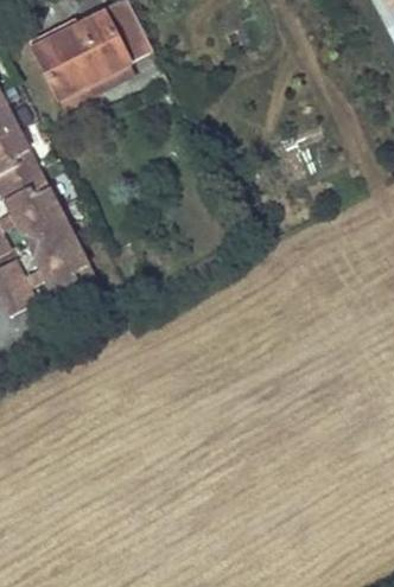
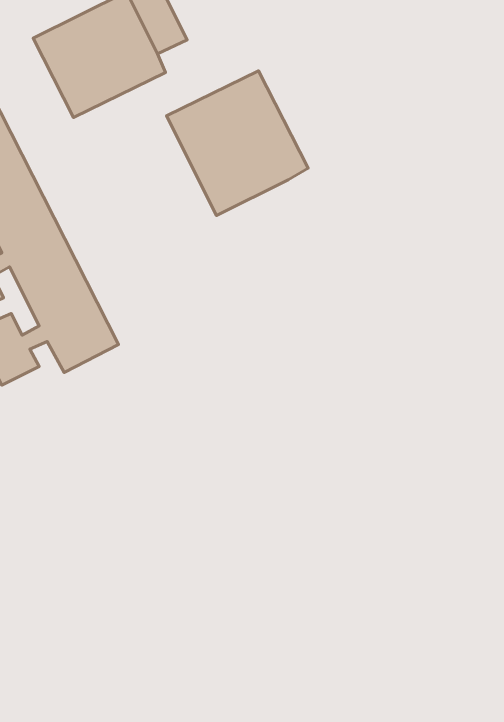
building: none -> [167,71,308,216]

